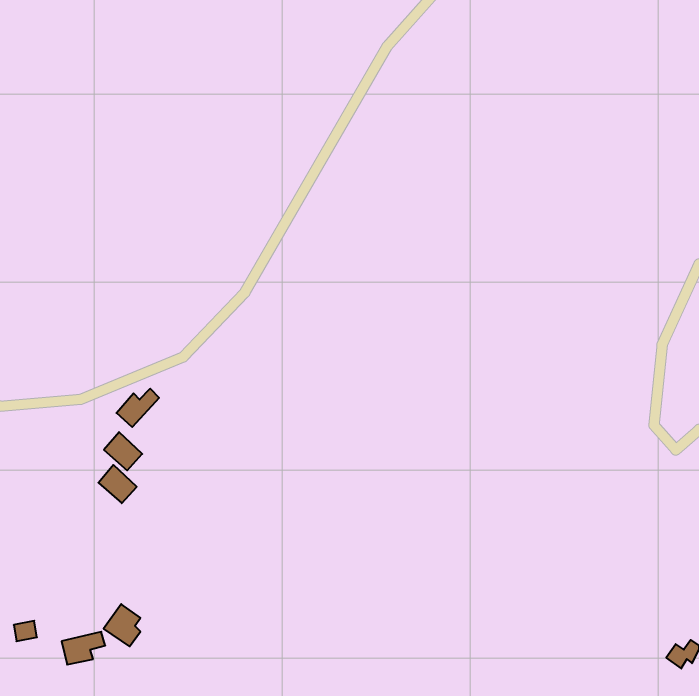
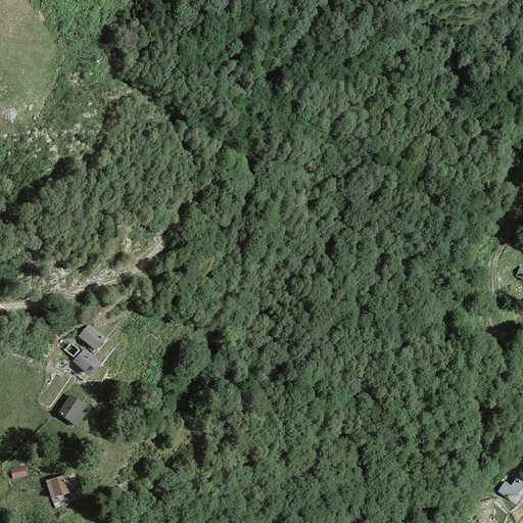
building: [116,389,159,427] -> none
building: [104,604,140,646] -> [57,394,85,426]

